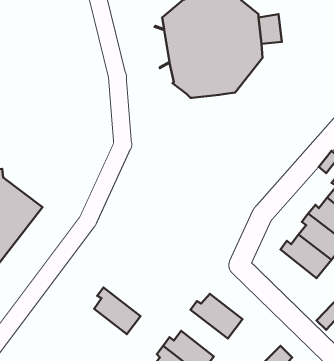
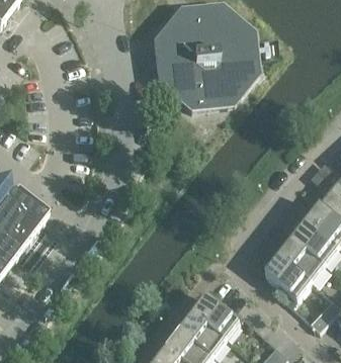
building: none -> [265,253,311,298]
building: [94,288,141,334] -> [181,310,226,355]

